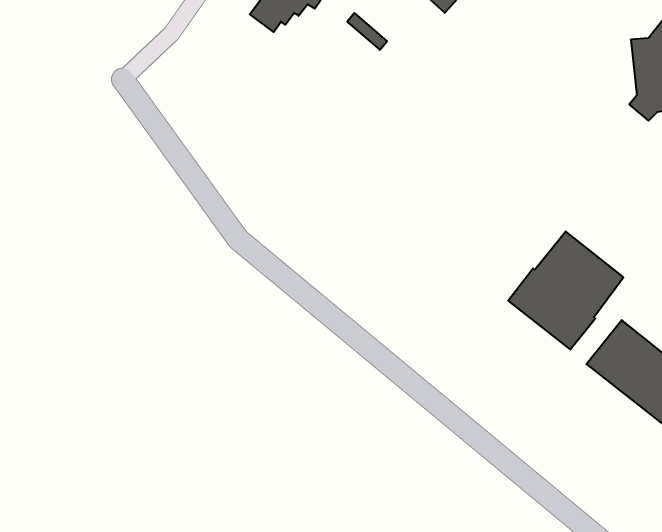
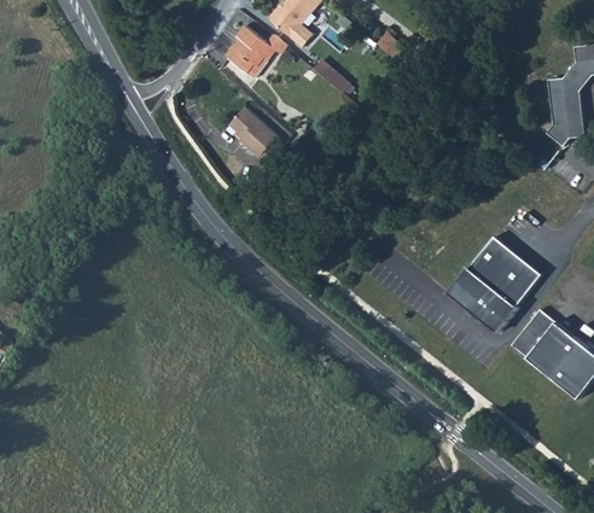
building: none -> [235,109,284,161]

